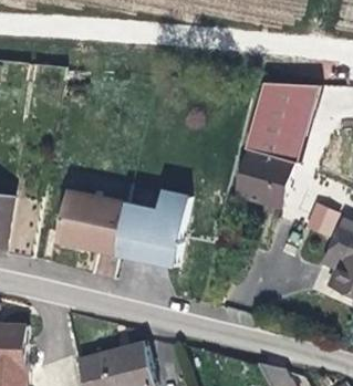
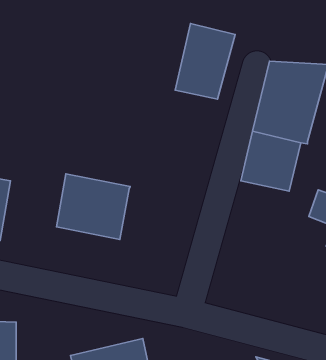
building: none -> [175,24,235,99]
building: [123,190,195,262] -> none

